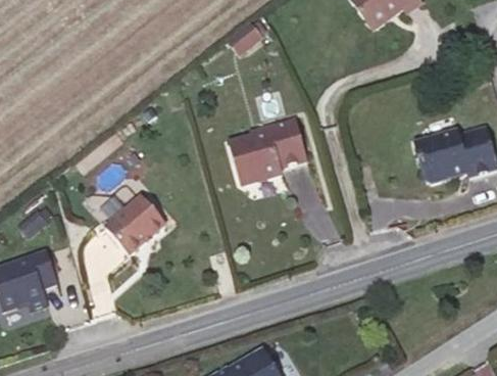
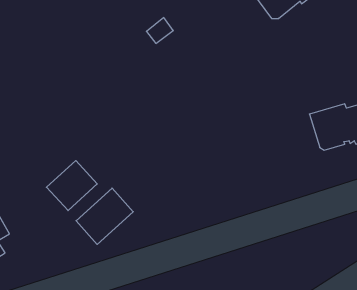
building: [229,119,306,183] -> none
building: none -> [76,188,133,244]

